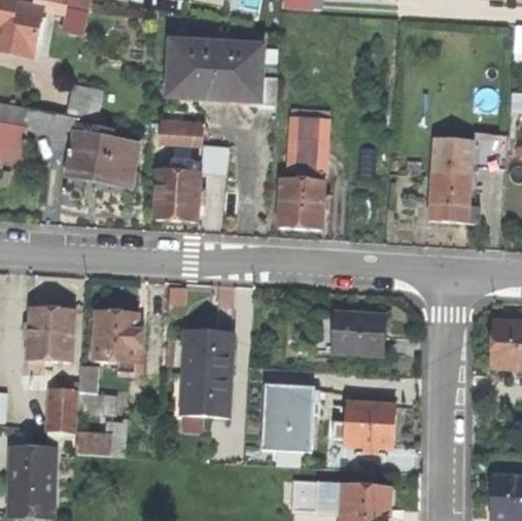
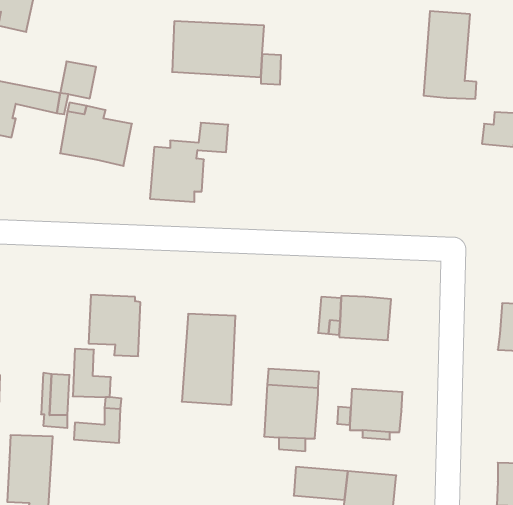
building: [277,115,327,229] -> none
building: [156,118,202,143] -> none
building: [425,136,477,221] -> [424,11,476,99]
building: [28,306,70,359] -> none

